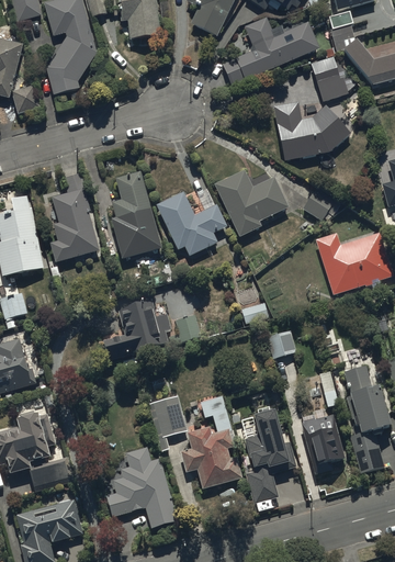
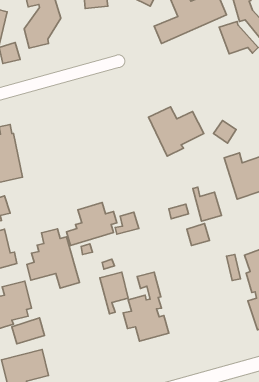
building: [273,100,350,161] -> none
building: [111,170,161,258] -> none
building: [50,173,100,260] -> none
building: [157,192,226,255] -> none
building: none -> [193,187,221,221]
building: [245,406,296,504] -> none
building: [301,413,345,474] -> none
building: [105,447,177,527] -> [27,229,80,288]

